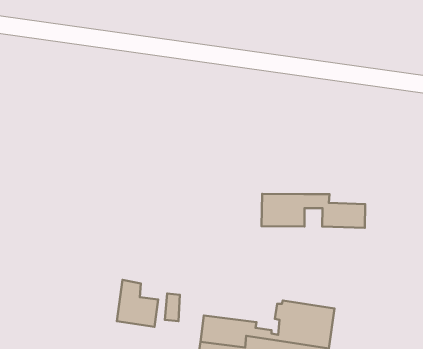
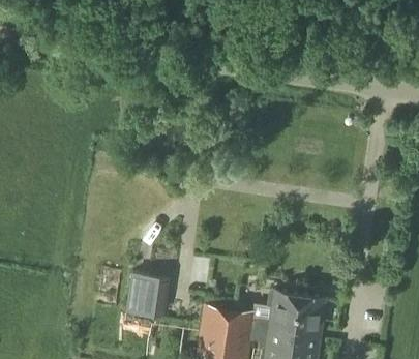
building: [262,194,365,228] -> none

